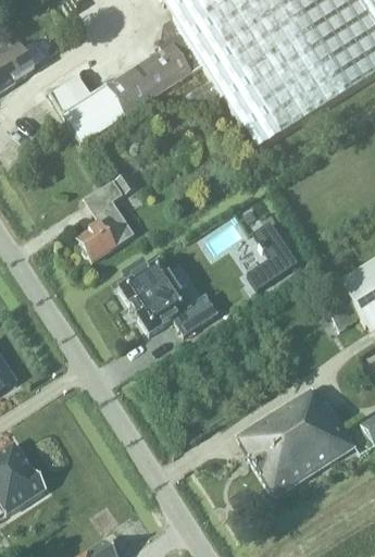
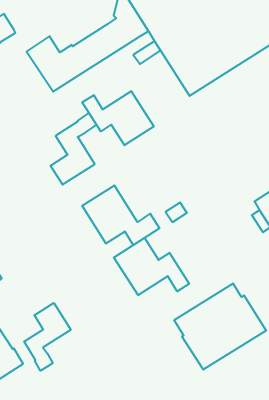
building: none -> [82,91,154,145]
building: [247,220,297,286] -> none
building: none -> [114,238,189,295]
building: none -> [24,303,71,371]

